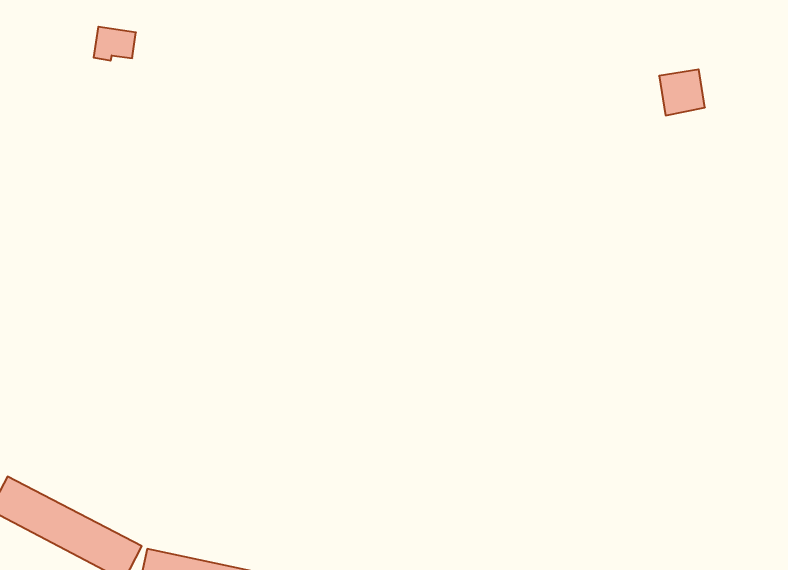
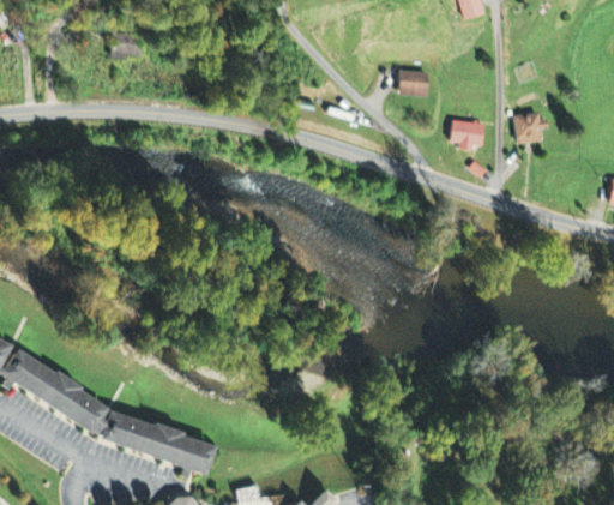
building: none -> [398,71,431,98]
building: none -> [450,121,484,150]

